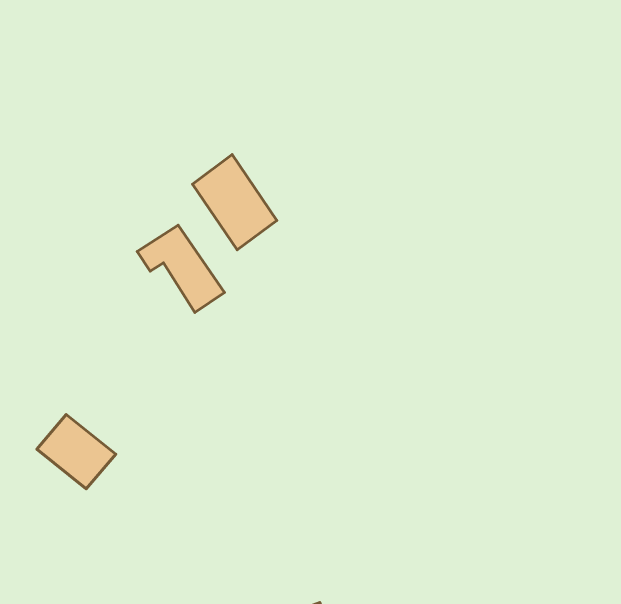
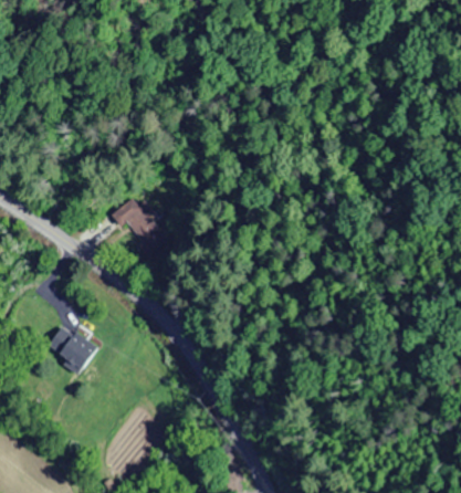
building: [192,155,277,250] -> none

